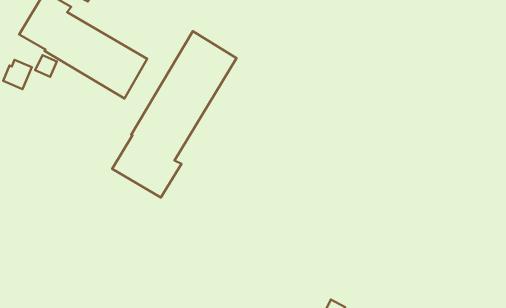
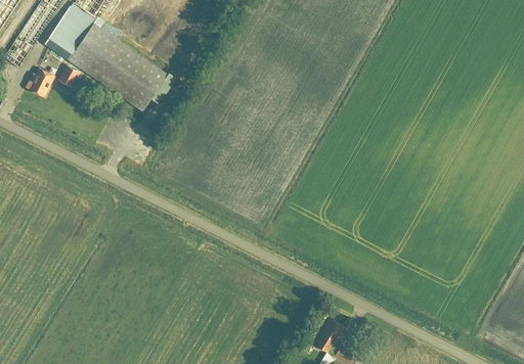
building: [112,31,237,198] -> none

